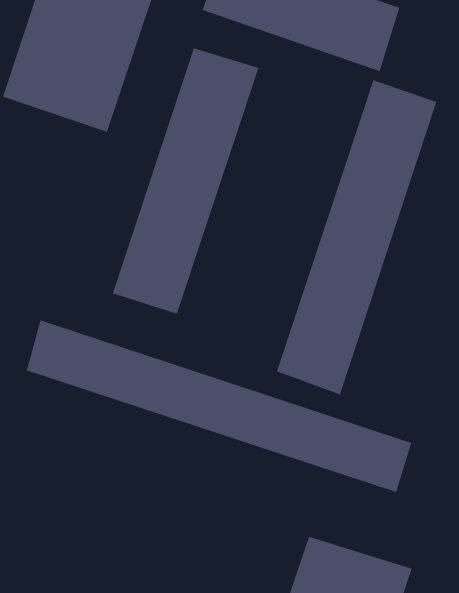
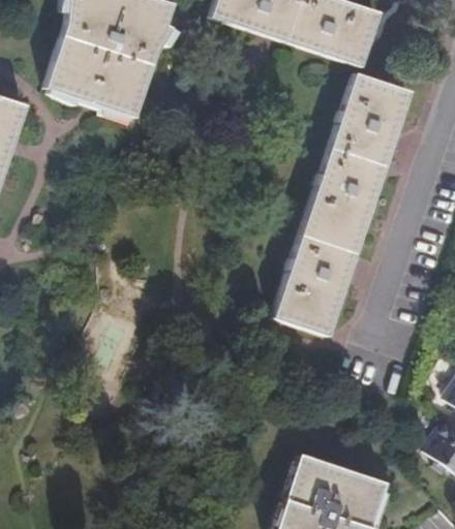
building: [112,48,259,314] -> none
building: [26,320,412,493] -> none

